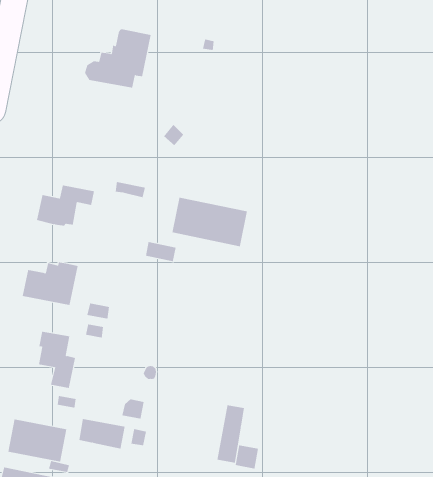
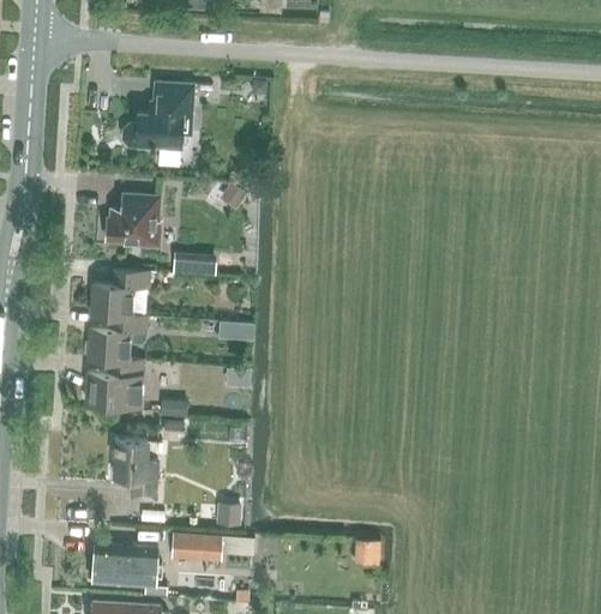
building: none -> [106,194,161,247]
building: [172,197,247,247] -> none
building: none -> [88,314,148,362]
building: [217,404,245,463] -> none

